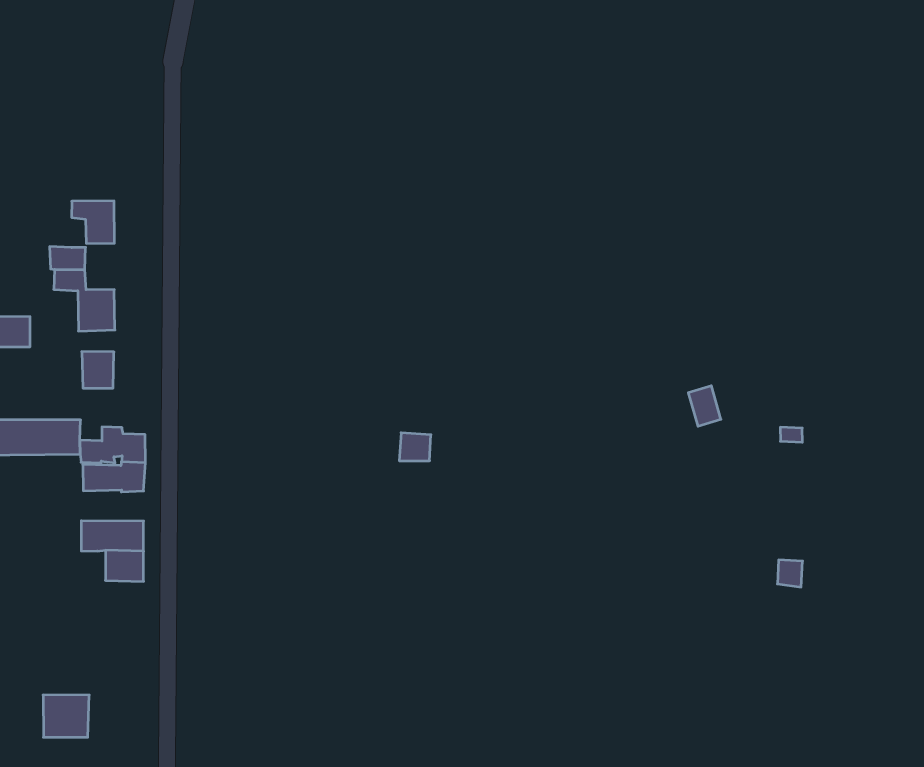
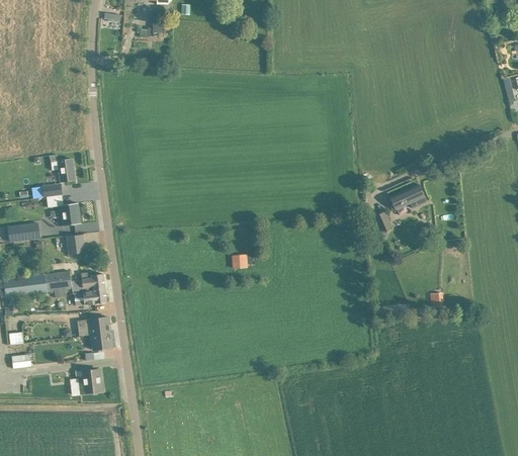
building: none -> [388,183,426,209]
building: [43,695,89,737] -> [76,368,101,392]

